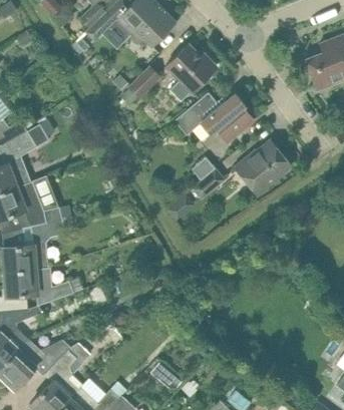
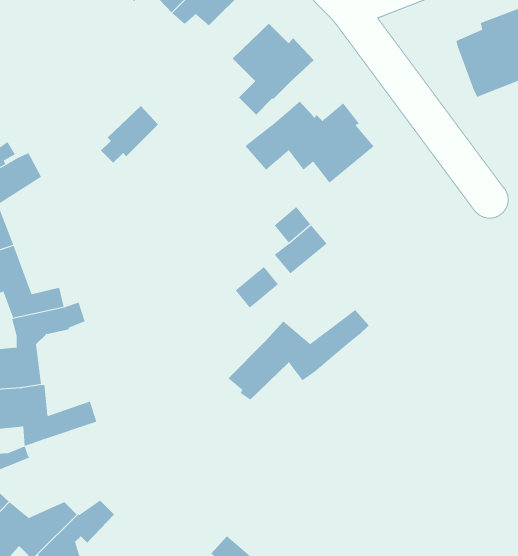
building: [123,66,159,102] -> [100,105,159,163]
building: [235,141,291,193] -> none
building: none -> [228,309,370,400]

